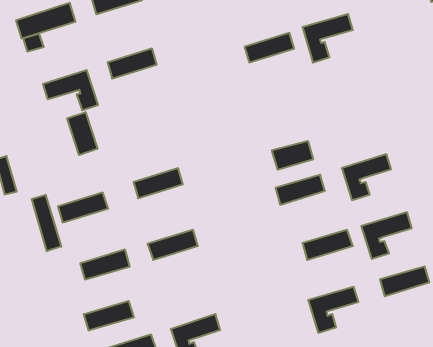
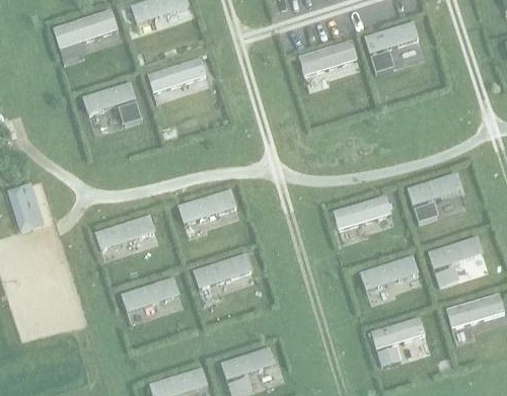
building: [67,112,97,155] -> none
building: [272,141,313,170] -> none
building: [32,195,61,251] -> none
building: [84,301,134,331] -> none

